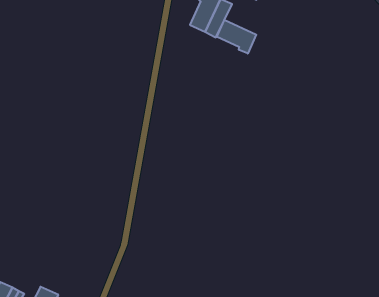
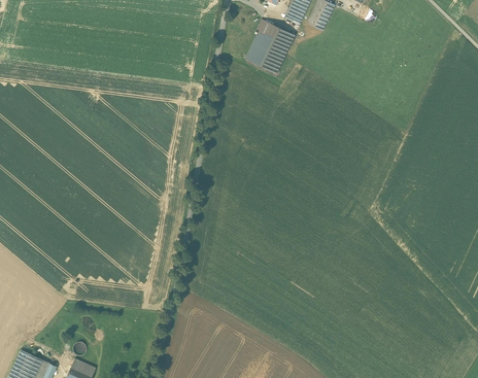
building: [217,20,256,54] -> none

